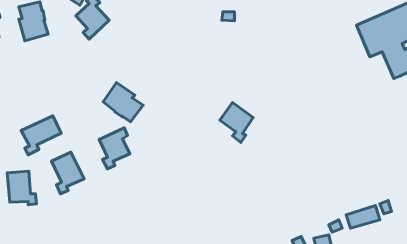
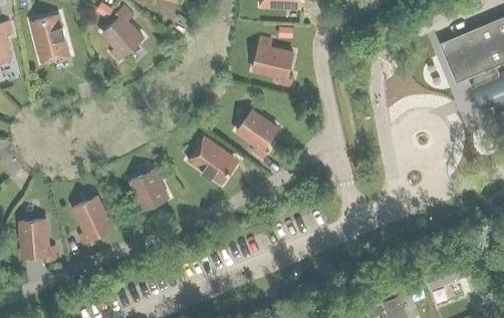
building: none -> [252,38,292,86]
building: [103,83,143,122] -> [187,137,235,185]
building: [220,102,253,143] -> [236,110,276,158]
building: [21,116,61,155] -> none

